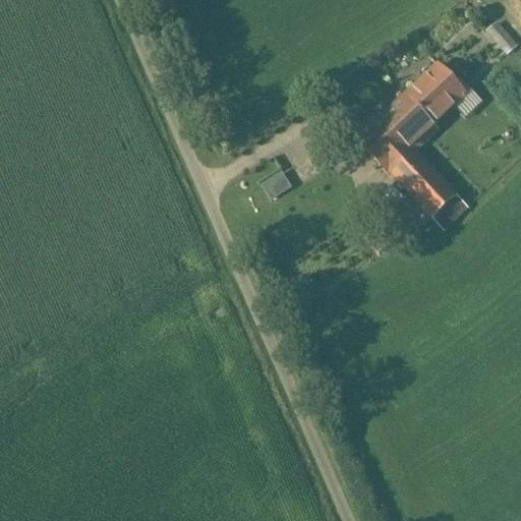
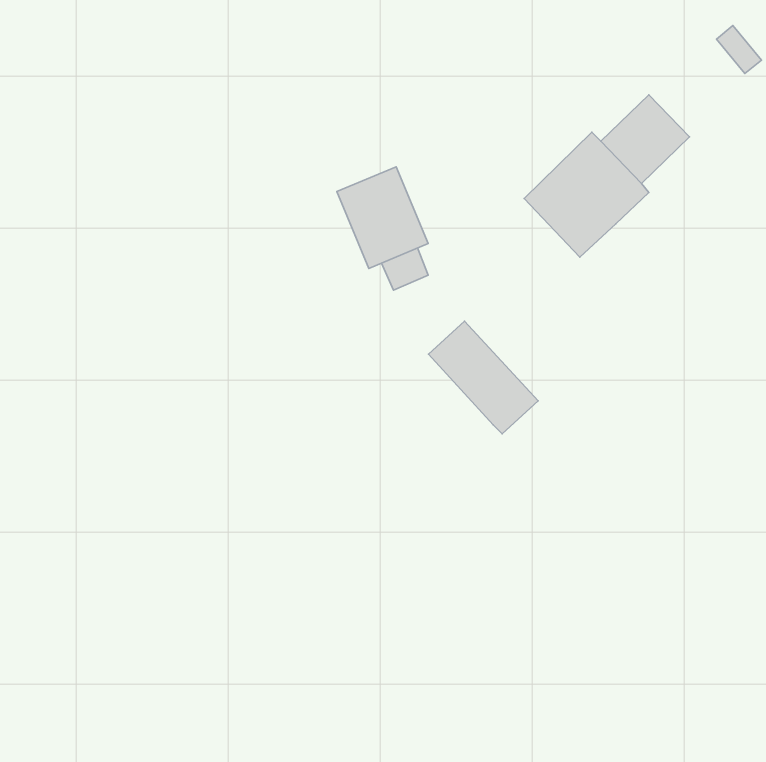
building: none -> [337,167,428,268]
building: [394,152,468,228] -> [429,321,538,434]

